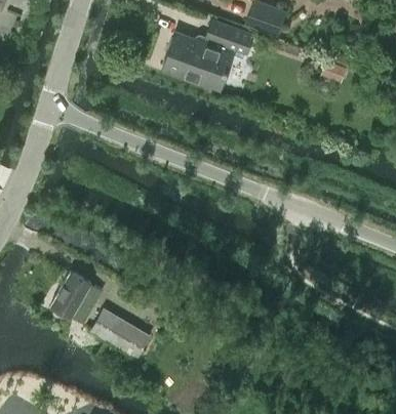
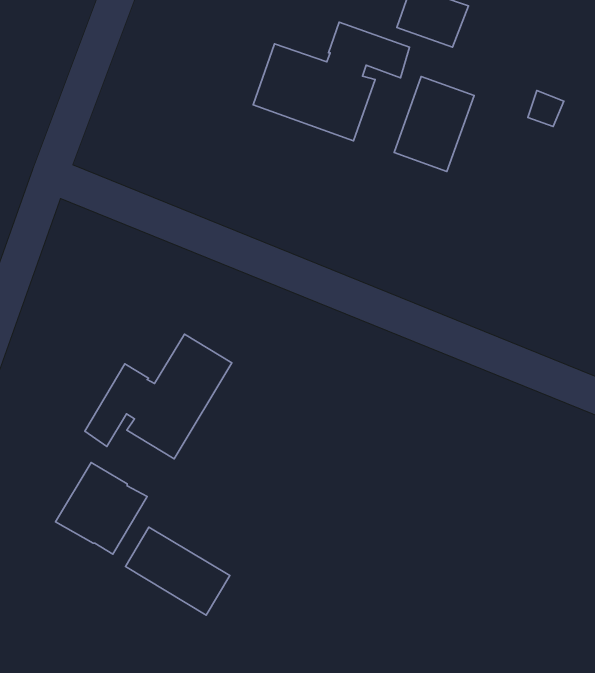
building: none -> [394,76,474,171]
building: none -> [85,334,232,459]

